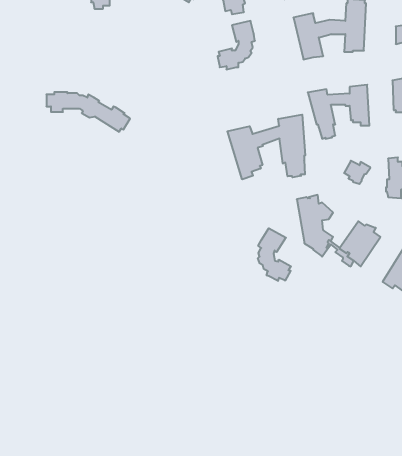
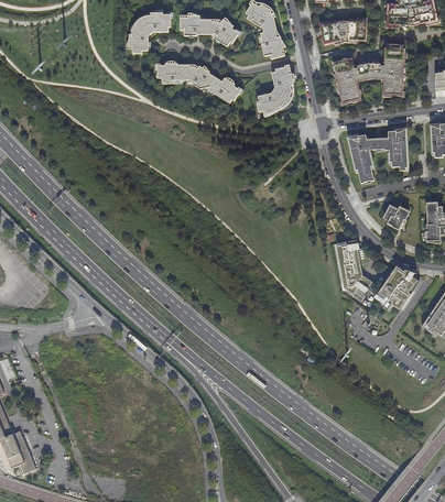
building: [46,92,130,132] -> [158,62,241,101]
building: [227,115,305,179] -> none
building: [258,228,291,281] -> none

